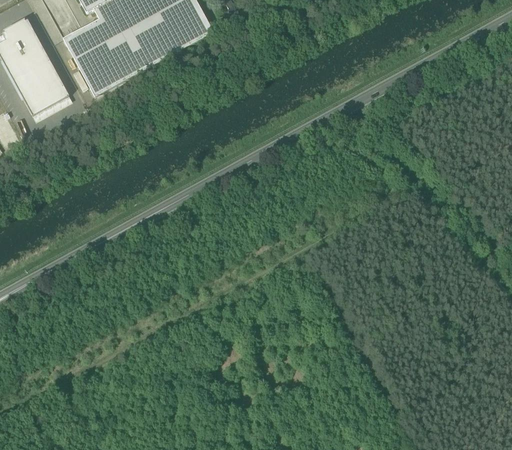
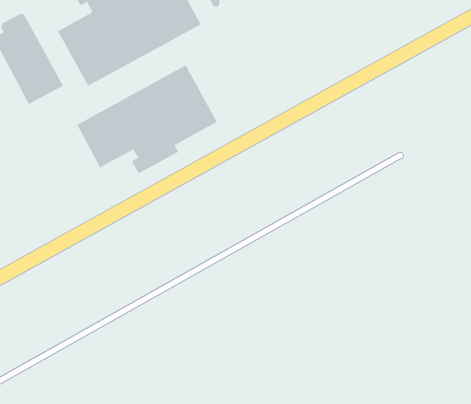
building: none -> [76,65,217,174]

